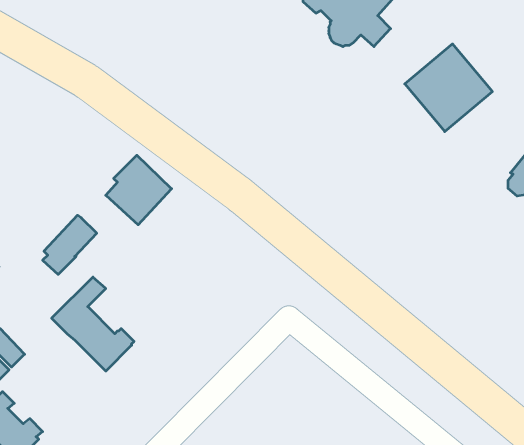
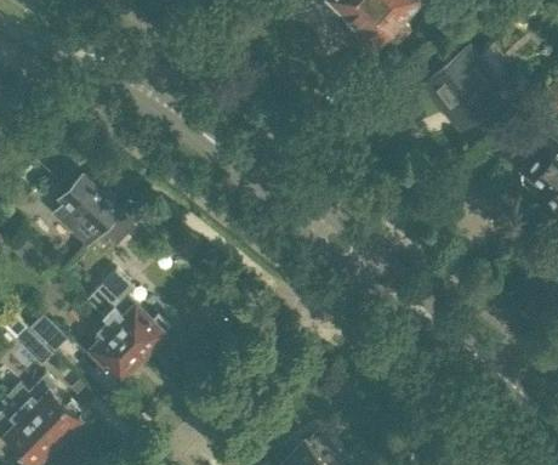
building: [106,155,172,225] -> [55,176,116,242]
building: none -> [91,319,143,381]

